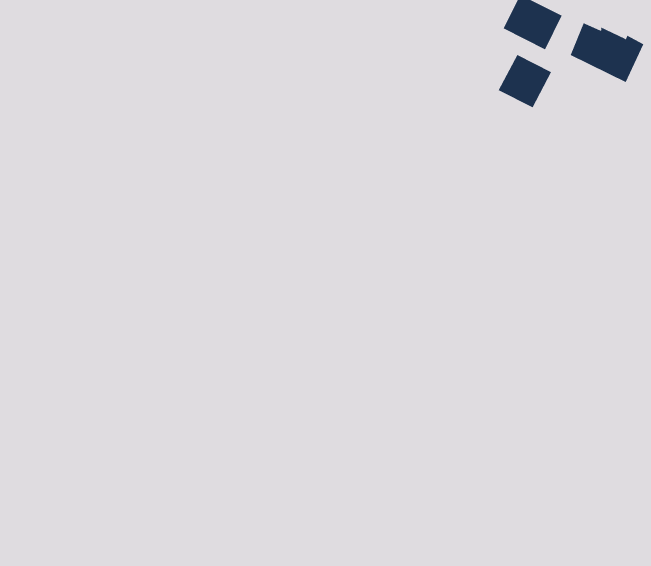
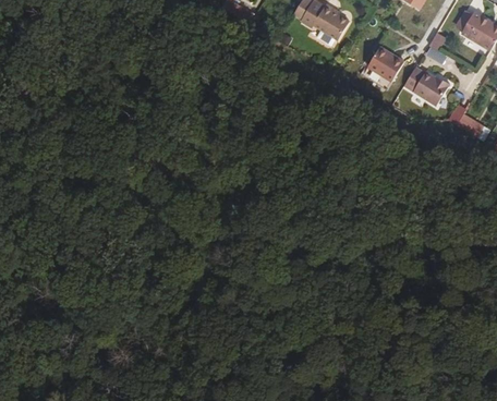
building: [498,54,552,108] -> none

